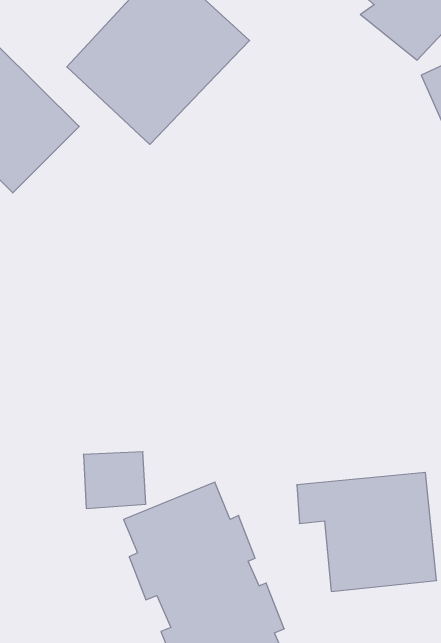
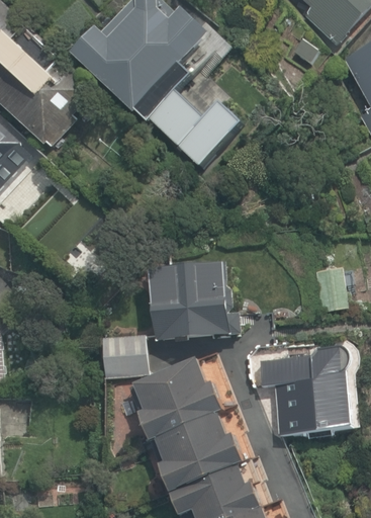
building: none -> [145,65,252,169]
building: none -> [149,264,228,338]

